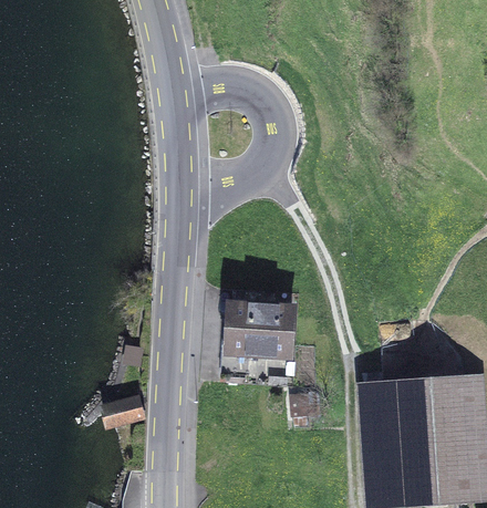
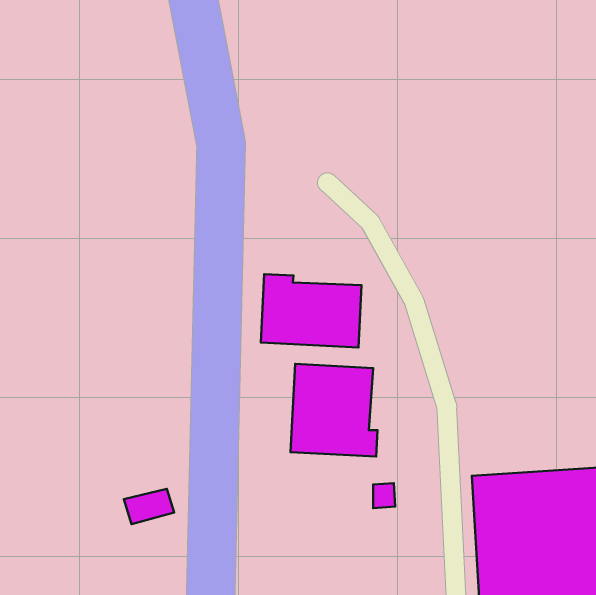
building: none -> [261,274,361,348]

